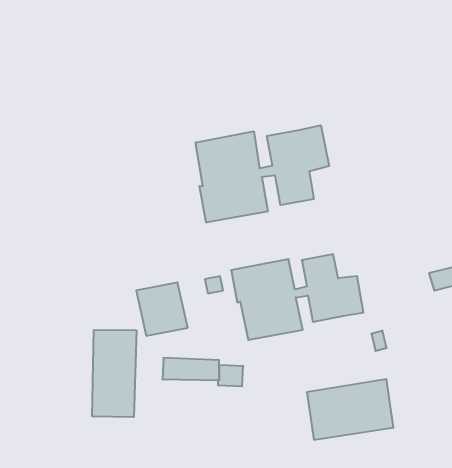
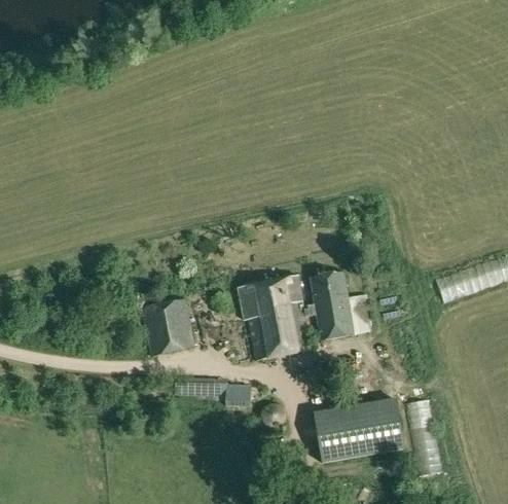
building: [196,125,329,223] -> none
building: [92,330,136,417] -> none

